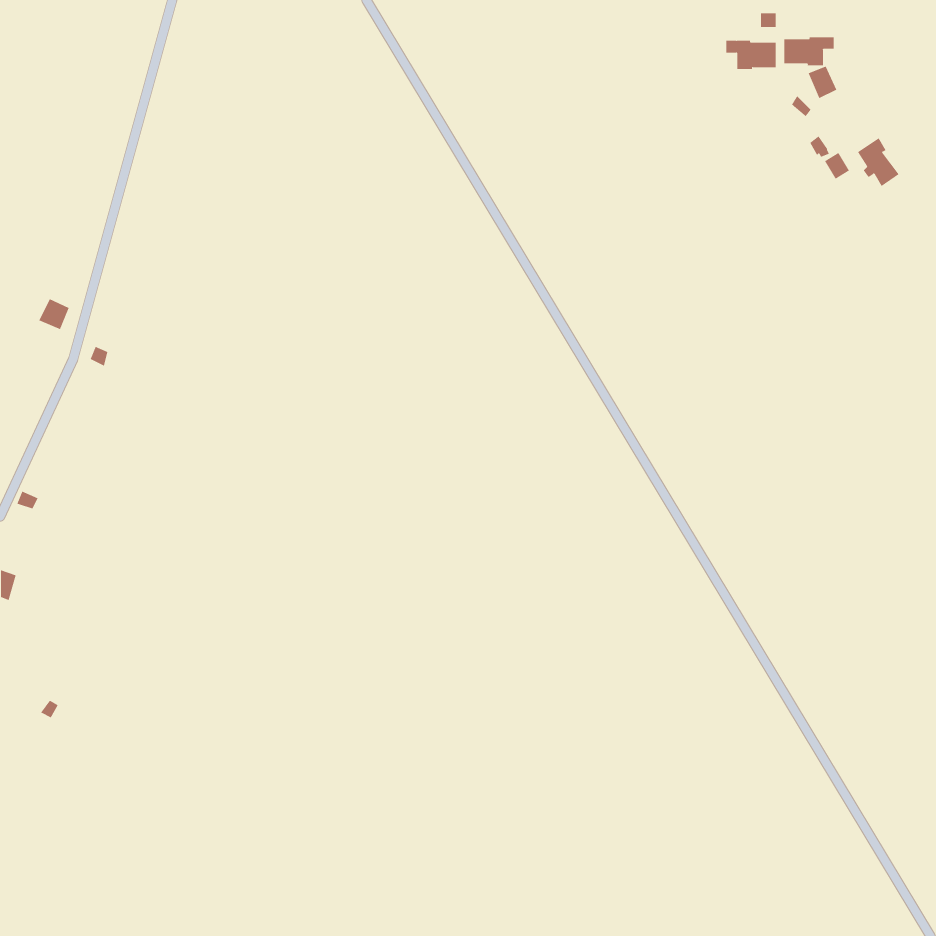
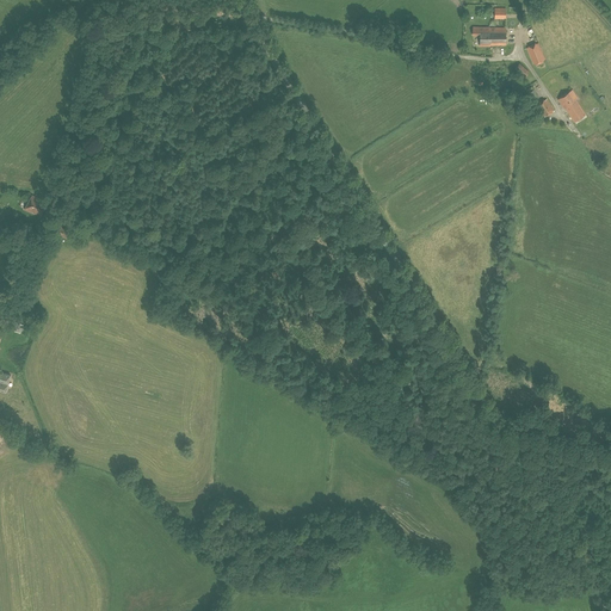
building: [784,37,834,66] -> none

